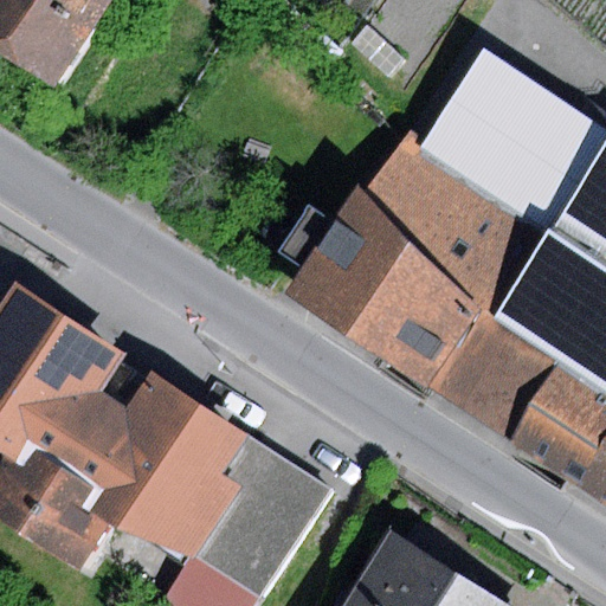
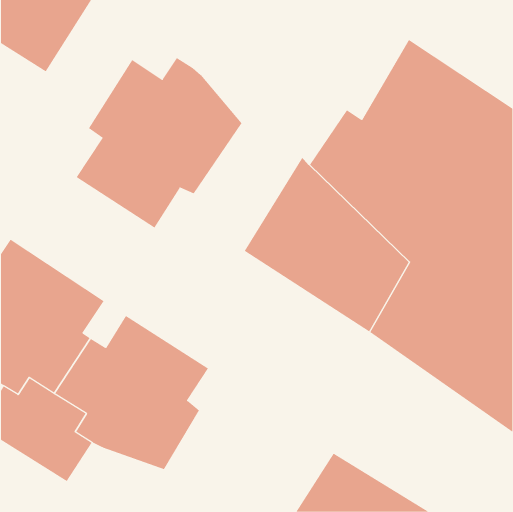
building: none -> [76,57,242,228]
building: [194,445,333,598] -> none

